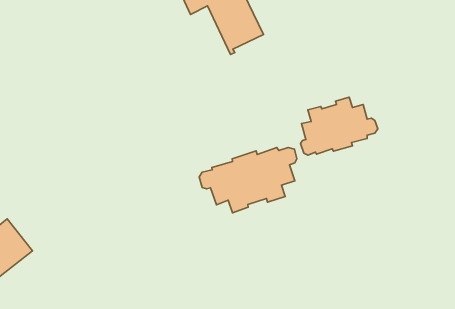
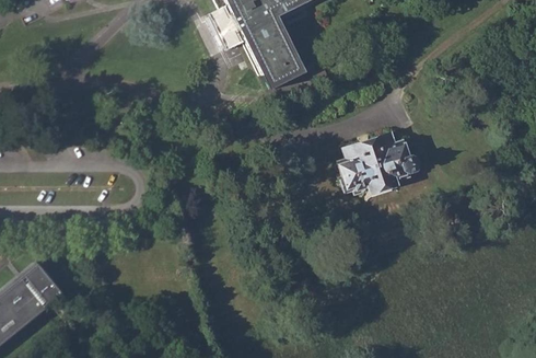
building: [199,147,297,213] -> none

